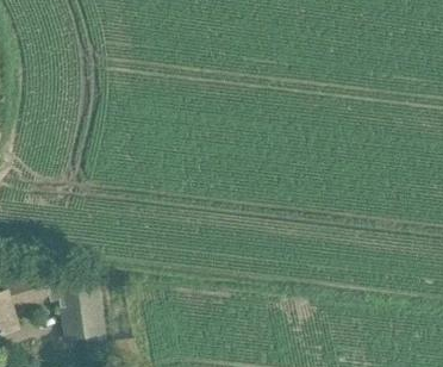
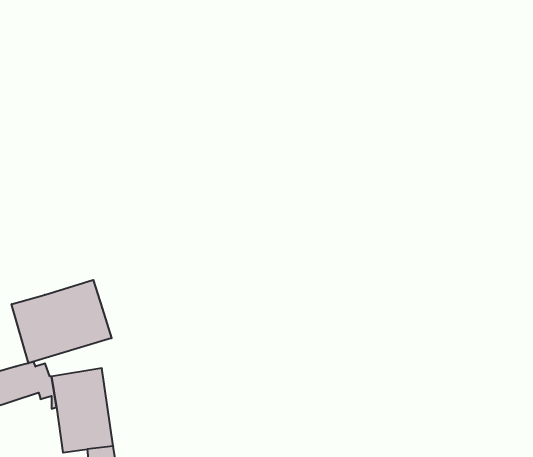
building: none -> [12,280,112,363]

